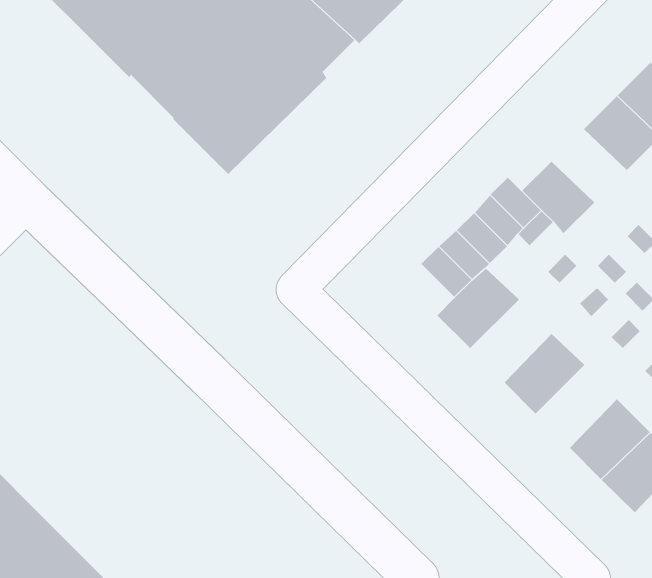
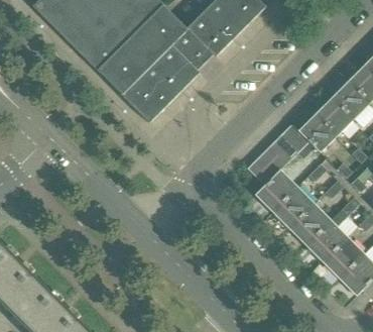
building: none -> [314,99,352,136]
building: none -> [272,186,314,228]
building: none -> [305,219,347,261]

